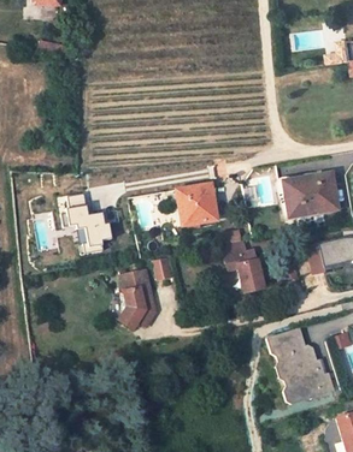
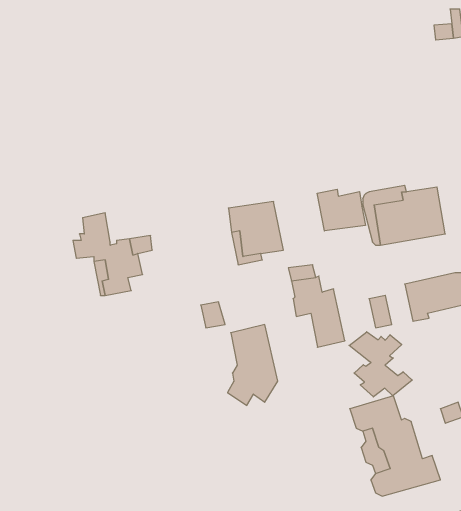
building: none -> [317,189,365,231]
building: [118,269,155,329] -> [228,325,278,405]
building: none -> [349,332,412,397]

